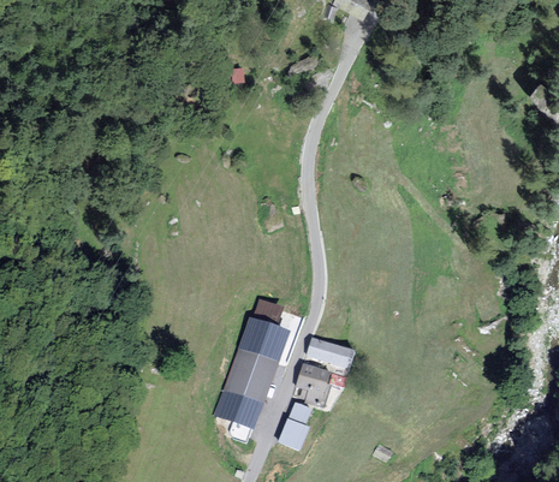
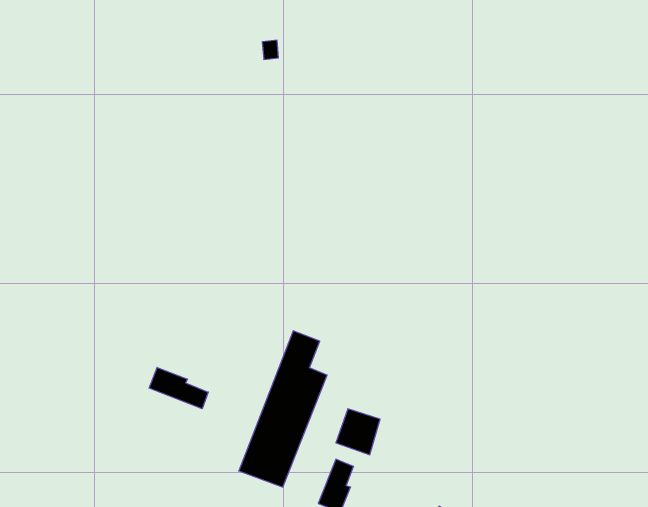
building: none -> [149,367,208,409]
building: [308,337,353,367] -> none

